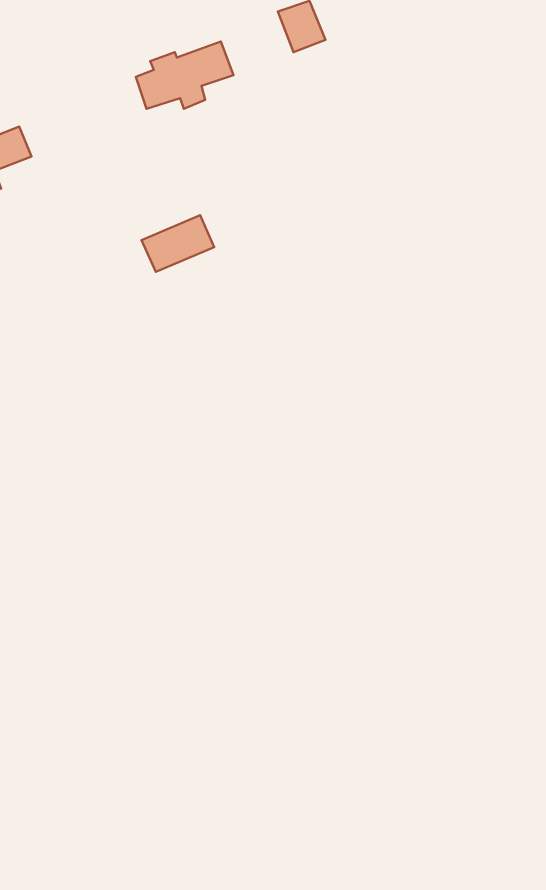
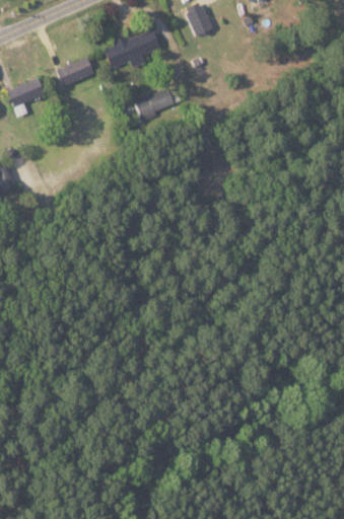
building: none -> [56,56,94,85]
building: [142,215,214,272] -> [134,87,176,120]

